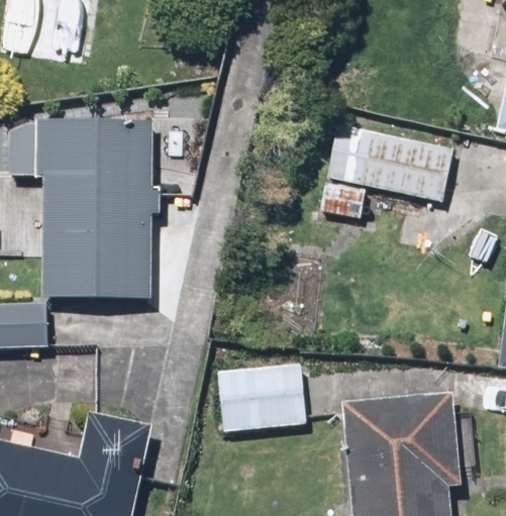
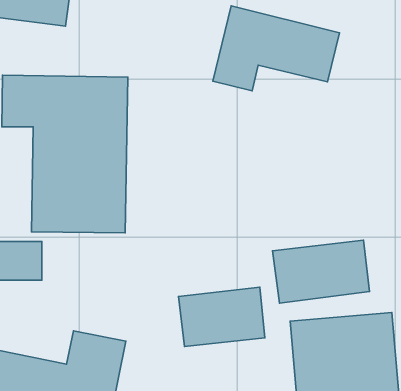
building: [316,120,463,218] -> [213,6,340,91]
building: none -> [272,240,369,303]

